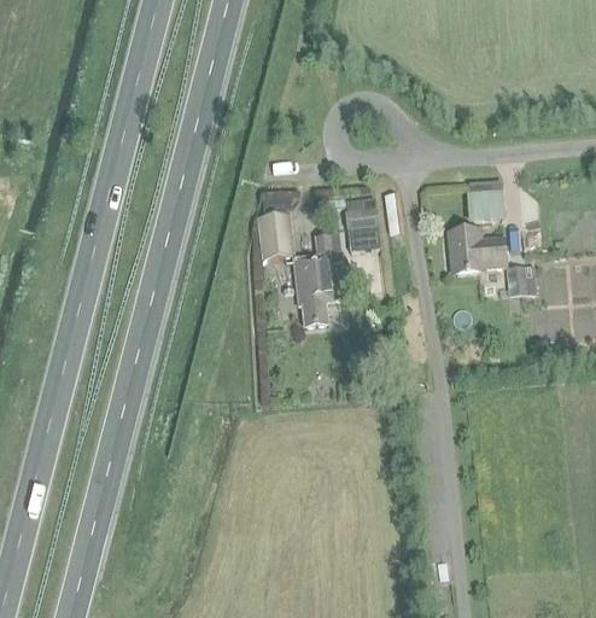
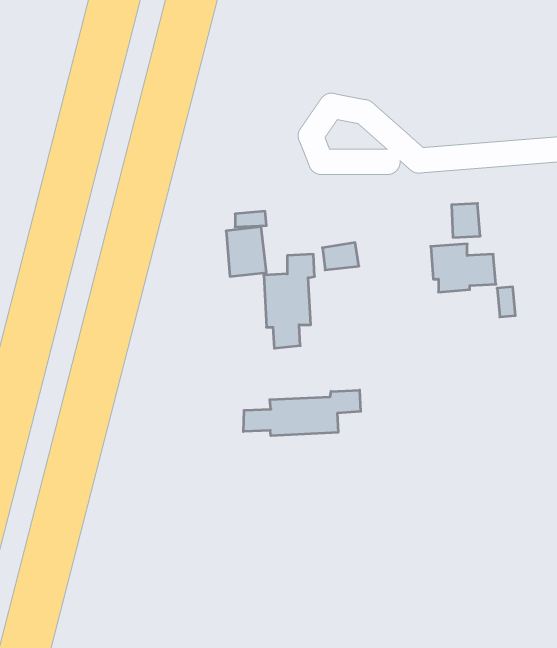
building: [344,198,378,231] -> none
building: none -> [243,390,361,436]

